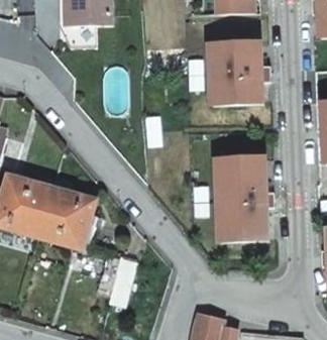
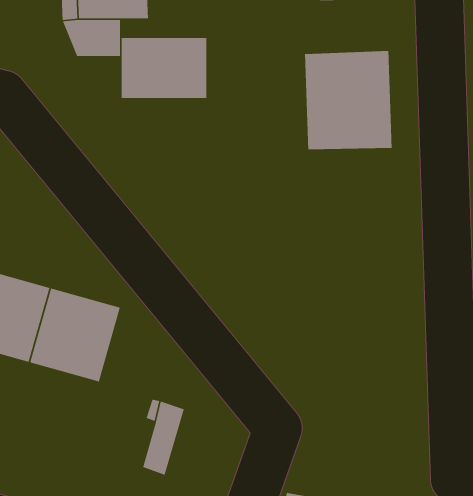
building: none -> [121,37,207,99]
building: [214,155,266,239] -> none

